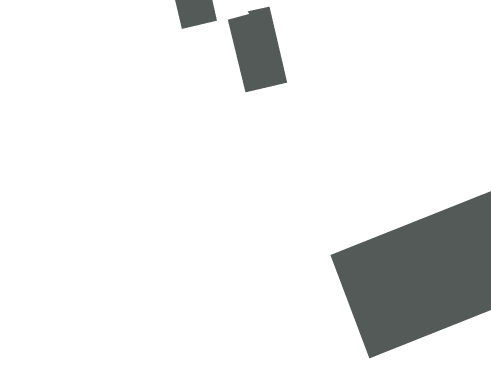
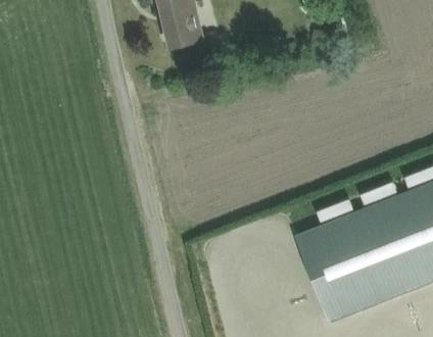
building: [227,6,288,93] -> none

